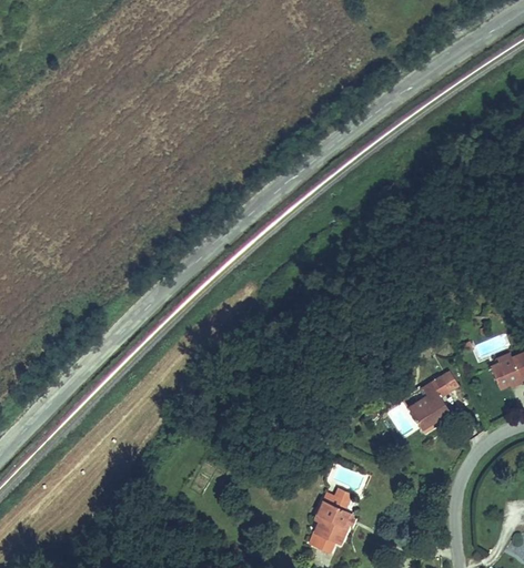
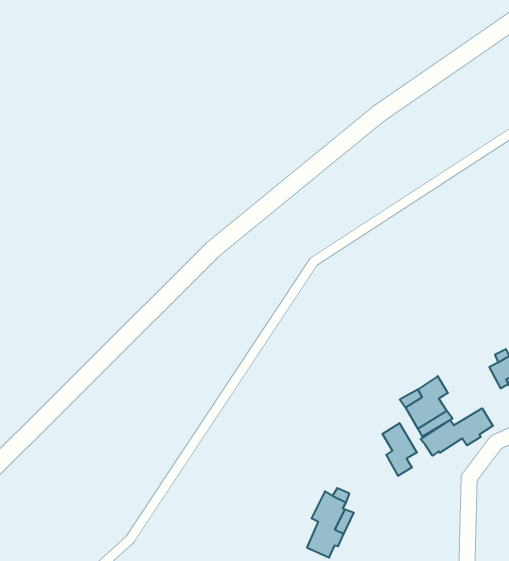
building: none -> [421,408,493,456]
building: none -> [382,423,417,476]

